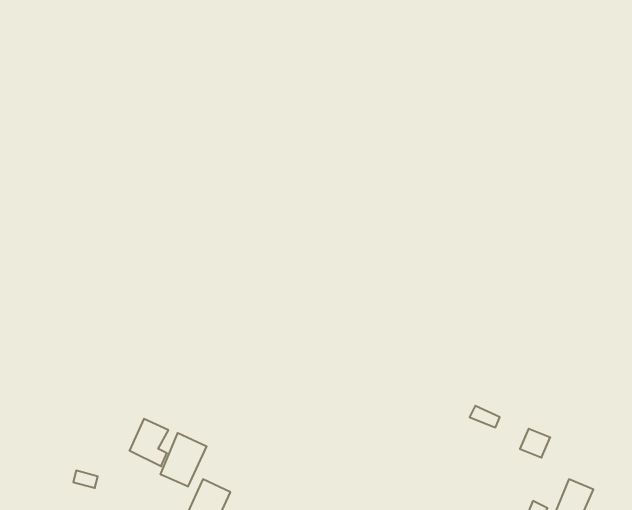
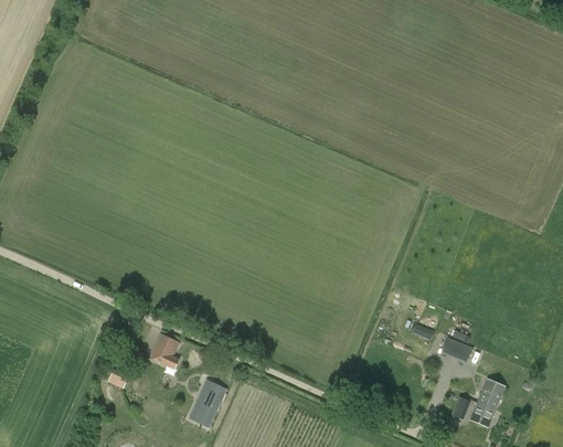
building: [161,433,206,487] -> none

